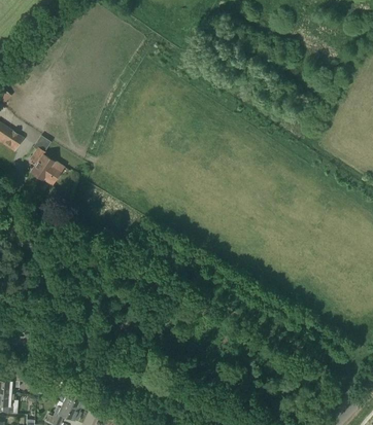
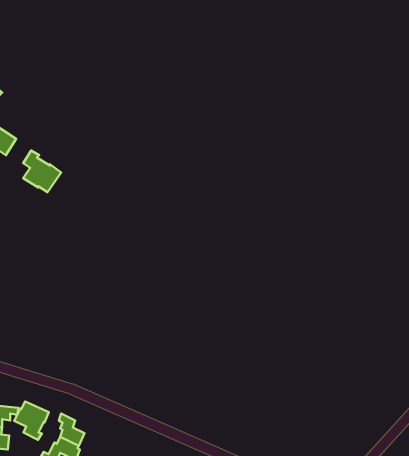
building: none -> [14,402,49,440]

